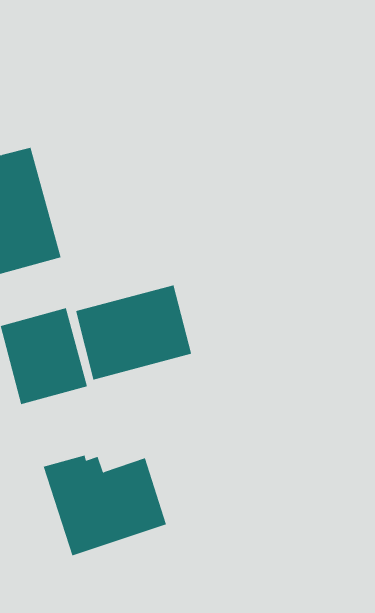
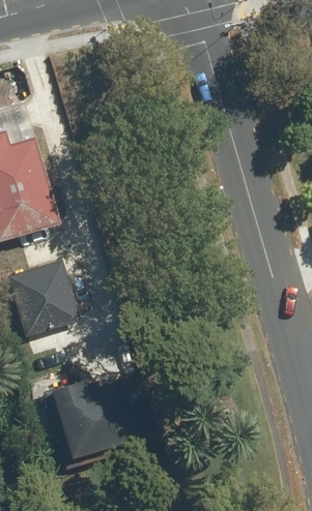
building: [75,284,192,380] -> none

